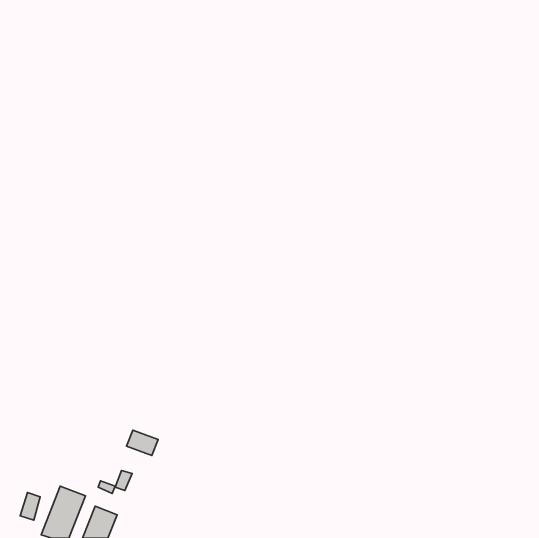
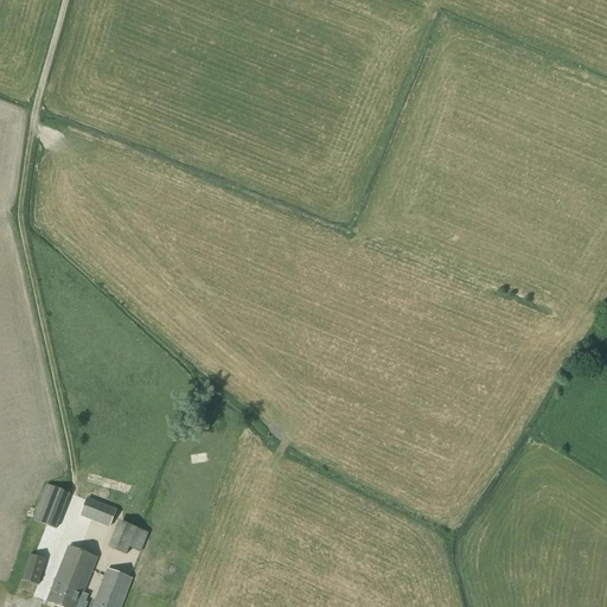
building: [127,430,158,456] -> [82,497,117,525]
building: none -> [33,483,70,526]

